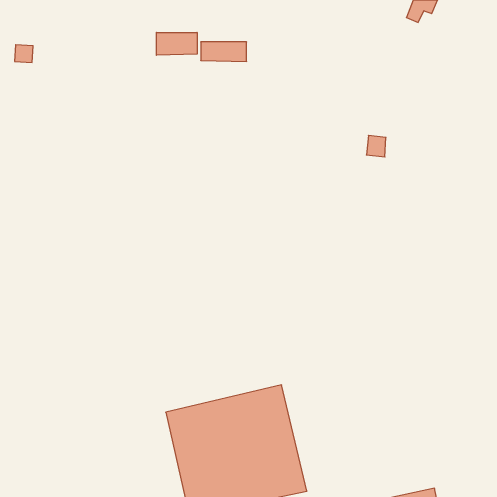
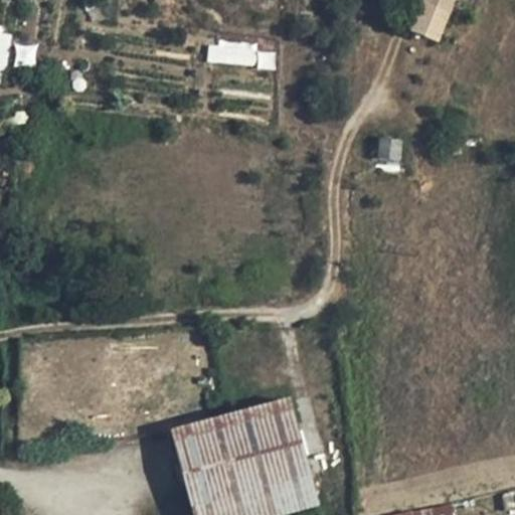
building: [156,32,197,55] -> none

